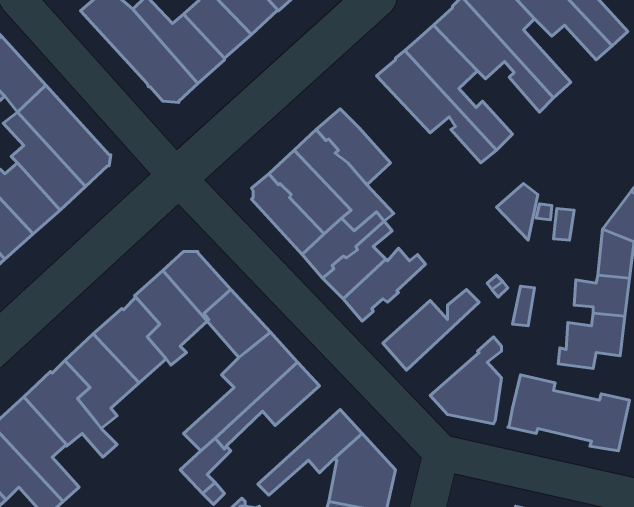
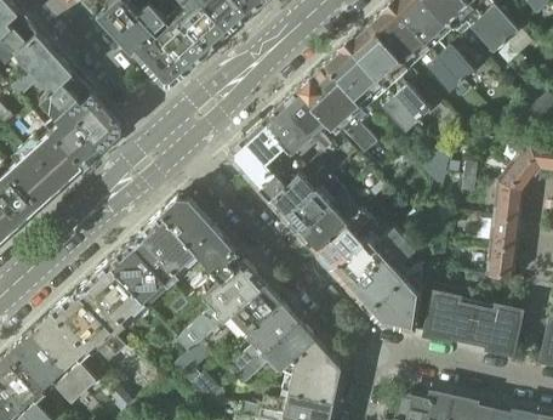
building: none -> [297,63,377,153]
building: none -> [314,208,378,268]
building: none -> [348,237,415,308]
building: none -> [227,301,297,376]

